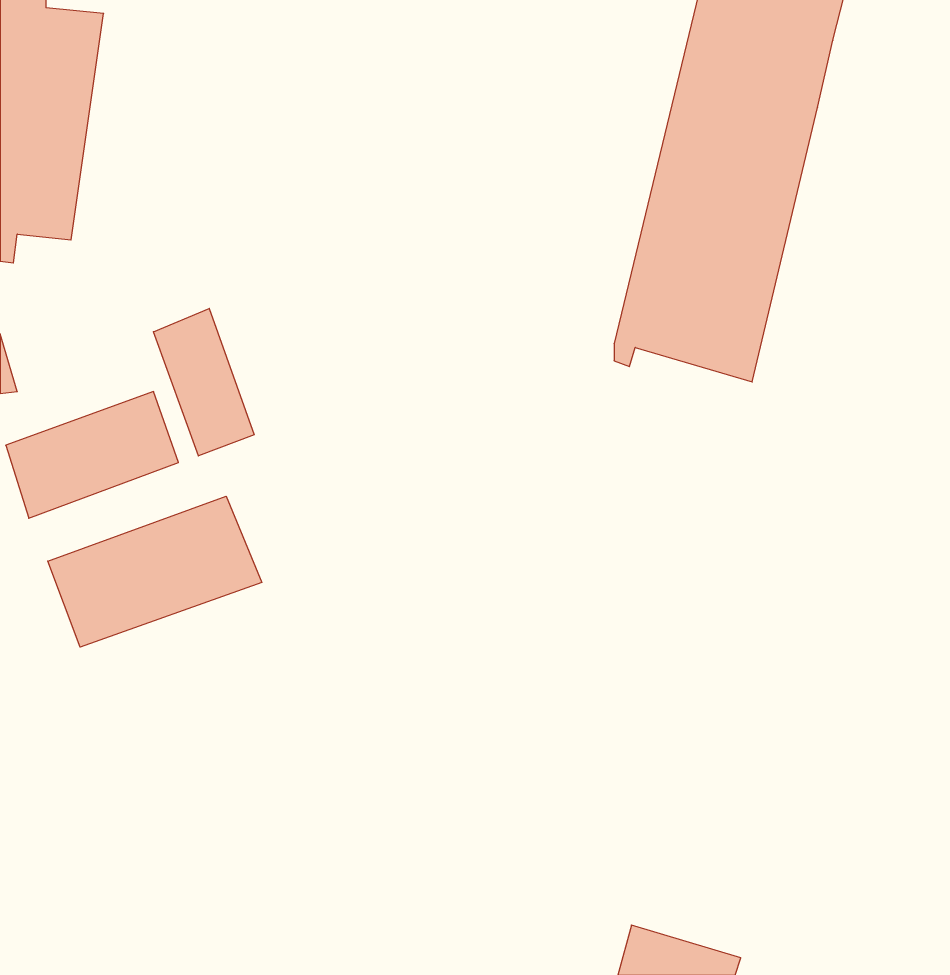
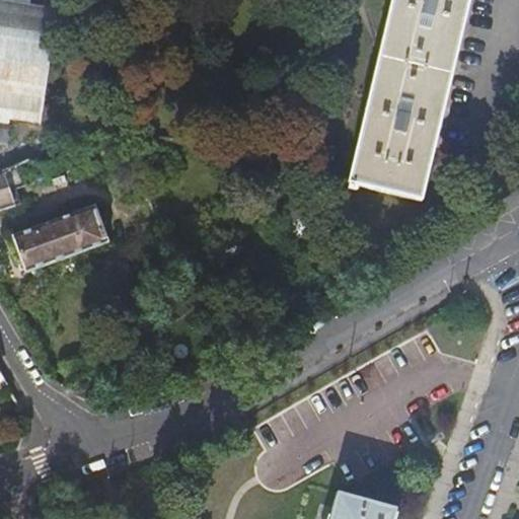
building: [153,308,254,456] -> none
building: [48,496,262,647] -> none

